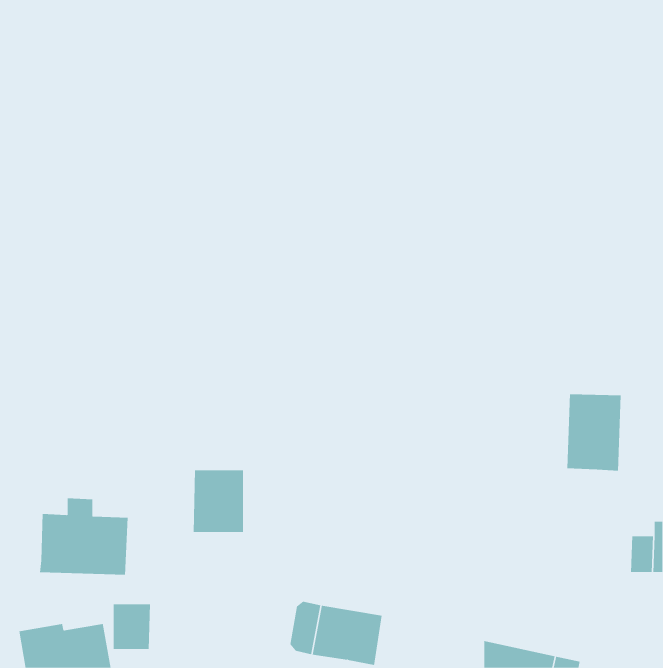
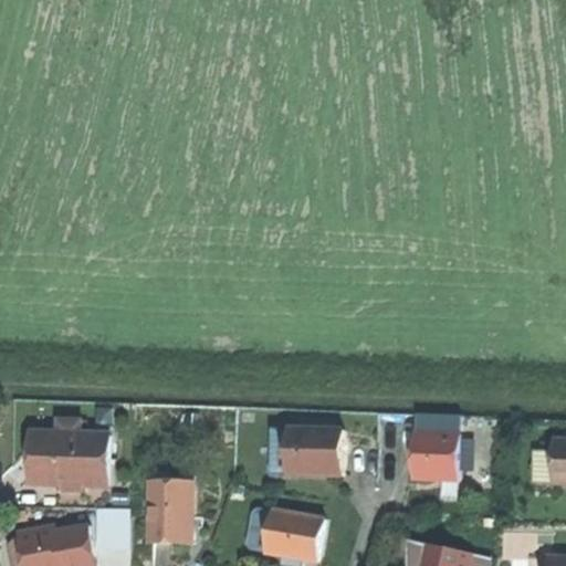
building: [566,394,621,471] -> [412,415,459,480]
building: [193,470,244,533] -> [147,489,190,542]
building: none -> [286,429,342,475]

